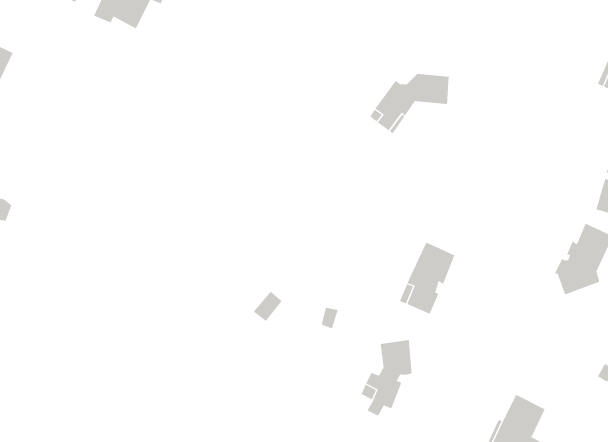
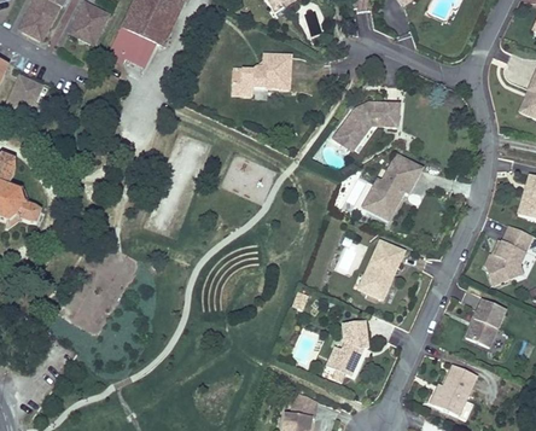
building: none -> [232,54,291,95]
building: none -> [360,150,421,220]
building: none -> [466,299,506,346]

